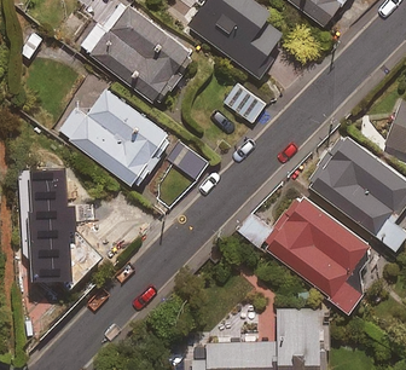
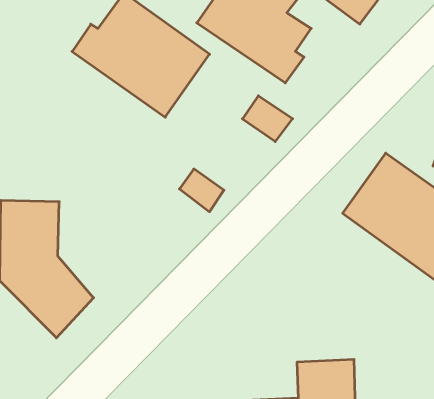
building: [57,89,173,190] -> none
building: [238,193,372,314] -> none

